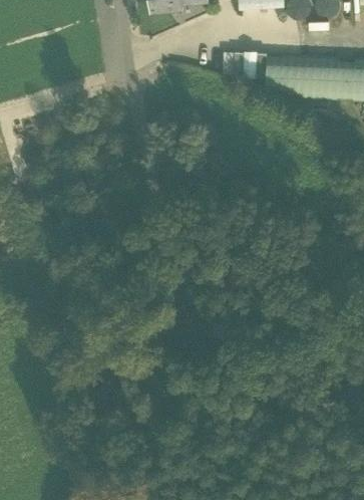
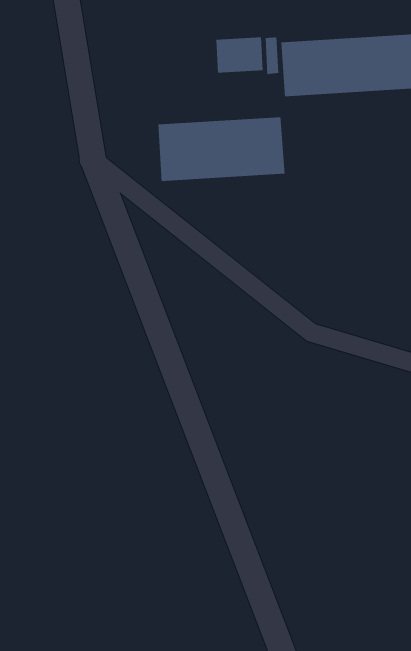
building: none -> [158,116,285,182]

